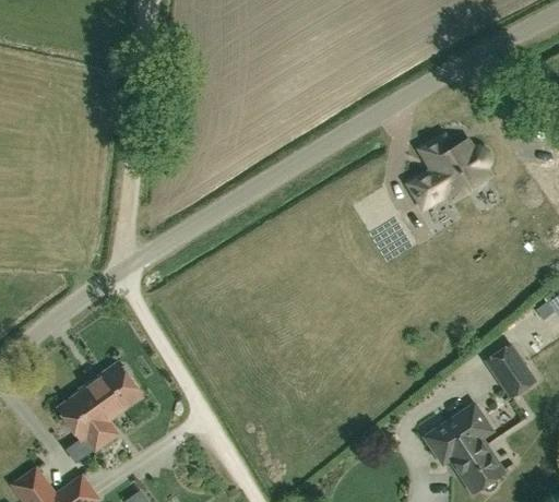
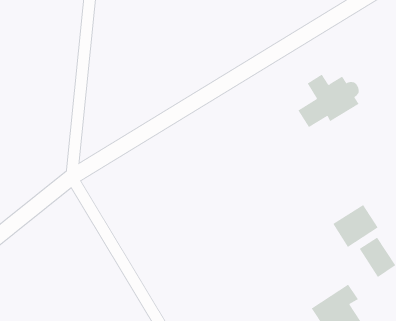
building: none -> [333,204,379,248]
building: [57,362,140,449] -> none

